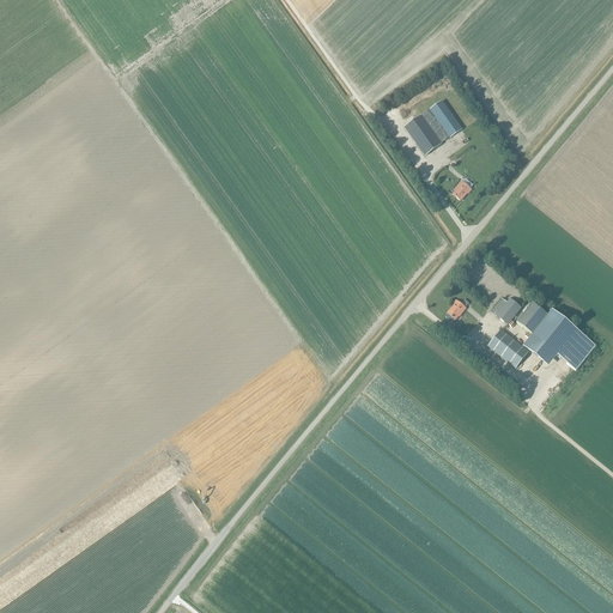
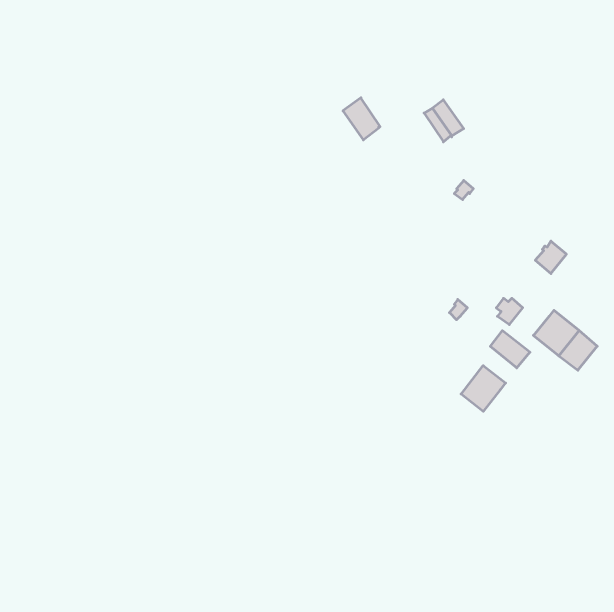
building: [405,113,442,154] -> [343,98,380,140]
building: [516,302,547,334] -> [535,241,566,274]
building: none -> [461,366,506,411]

